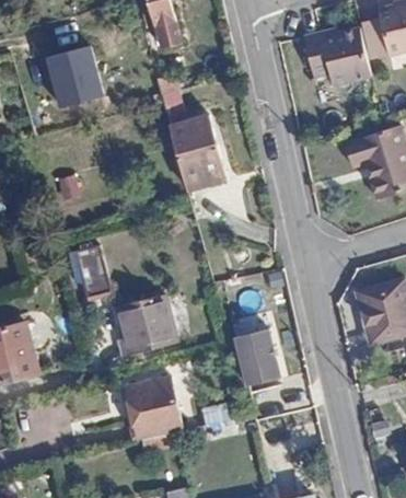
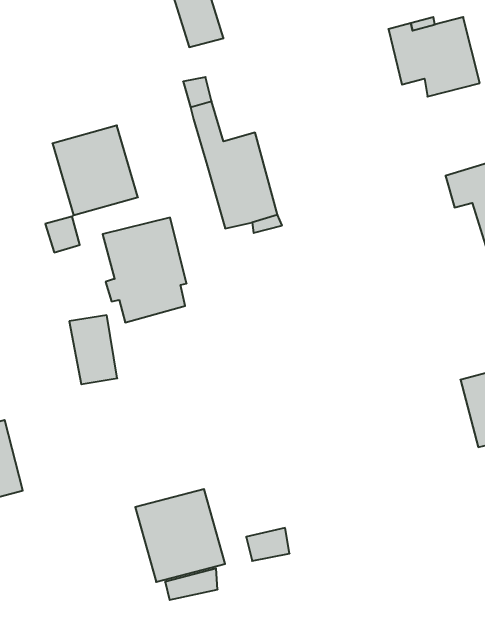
building: [44,40,106,106] -> [52,125,138,215]
building: [115,294,176,371] -> [103,218,187,322]
building: [234,328,279,385] -> none

